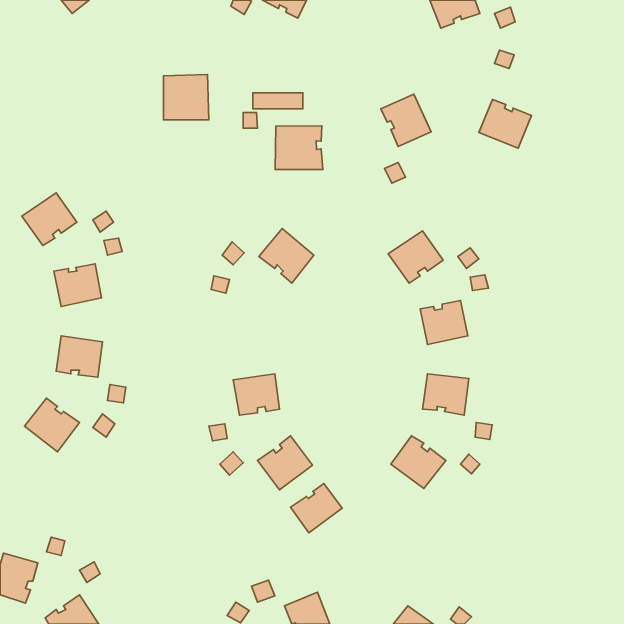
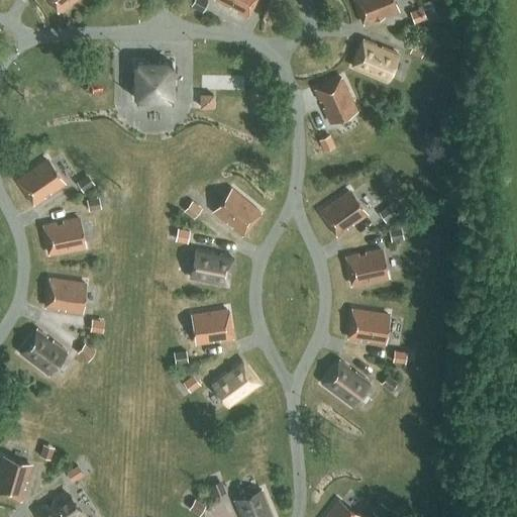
building: [479,99,532,148] -> [353,39,397,80]
building: [275,126,323,169] -> none
building: none -> [192,248,231,285]
building: [291,483,342,533] -> none

